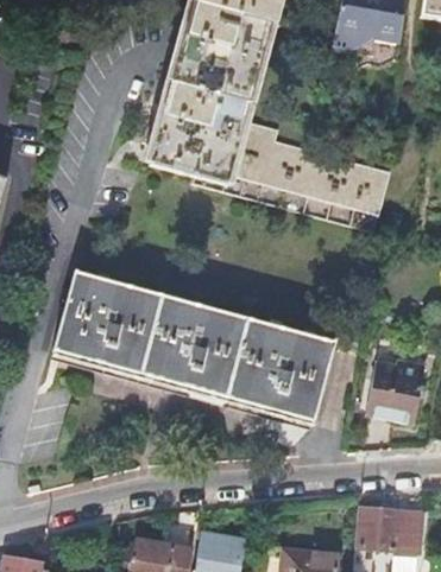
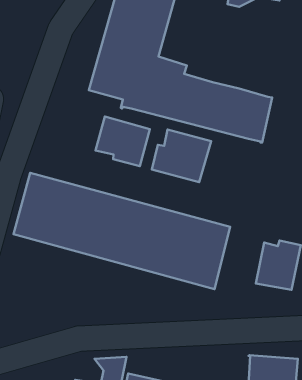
building: none -> [96,116,150,166]
building: none -> [152,129,211,182]

